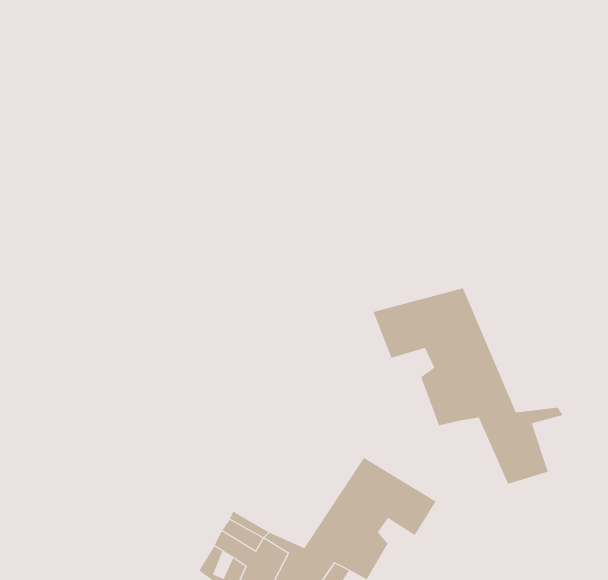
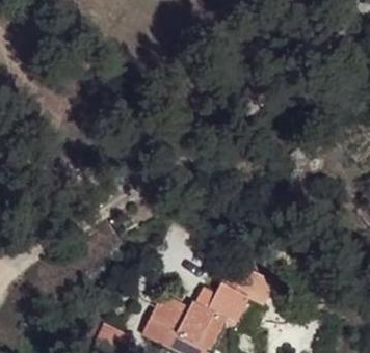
building: [373,288,563,485] -> none

